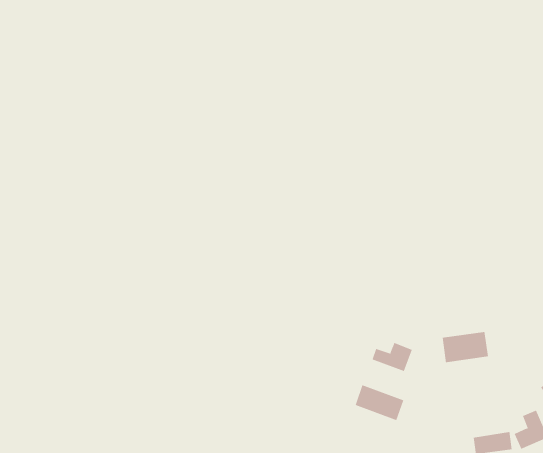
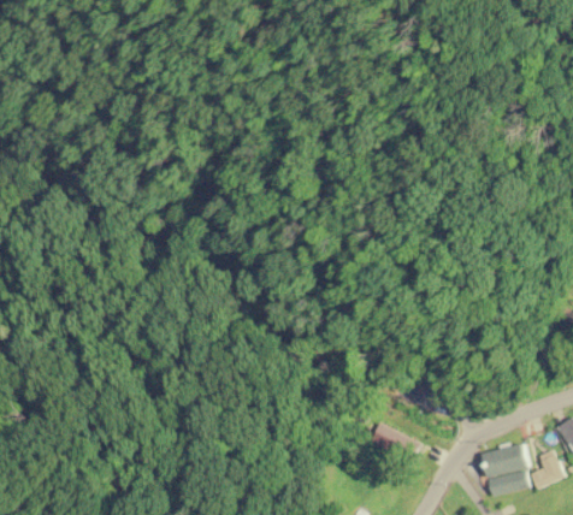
building: [442,331,489,363] -> [482,445,528,476]
building: [372,342,413,372] -> none

